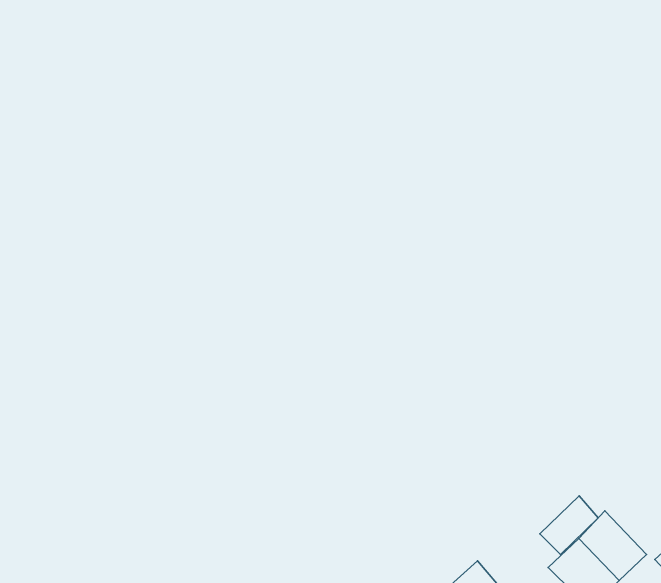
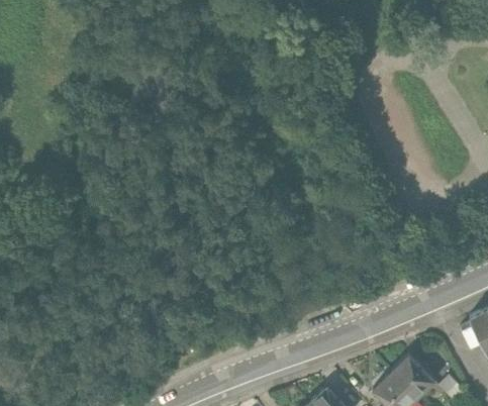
building: [540,496,598,554] -> none

